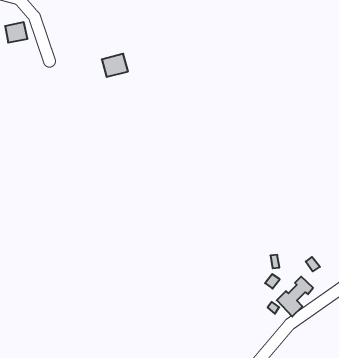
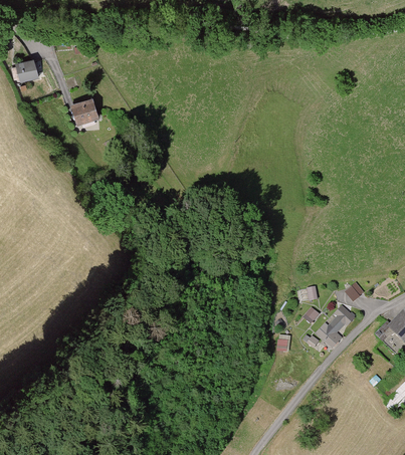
building: [102,54,128,77] -> [71,95,99,121]

